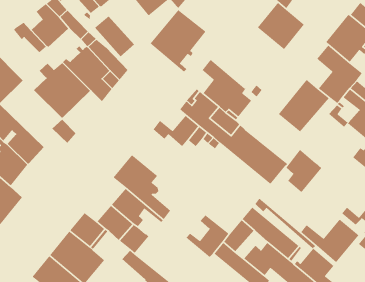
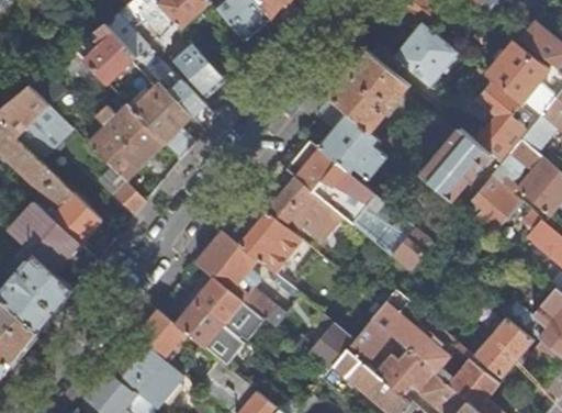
building: [149,9,206,72] -> [329,52,407,138]
building: none -> [222,210,299,270]
building: [285,149,322,193] -> [471,175,521,235]

